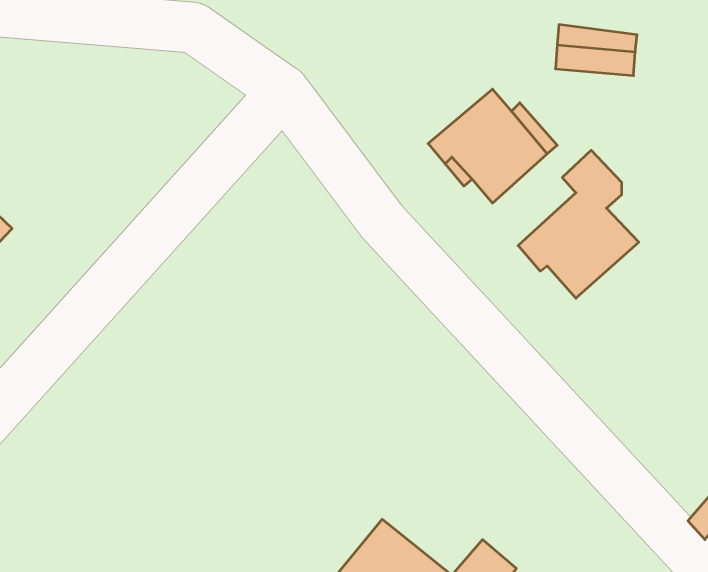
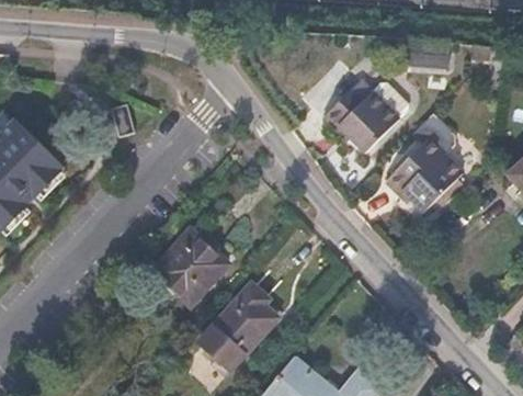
building: none -> [155,228,227,302]
building: none -> [198,283,277,370]

